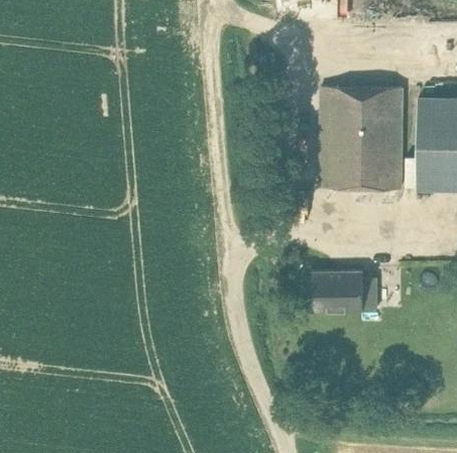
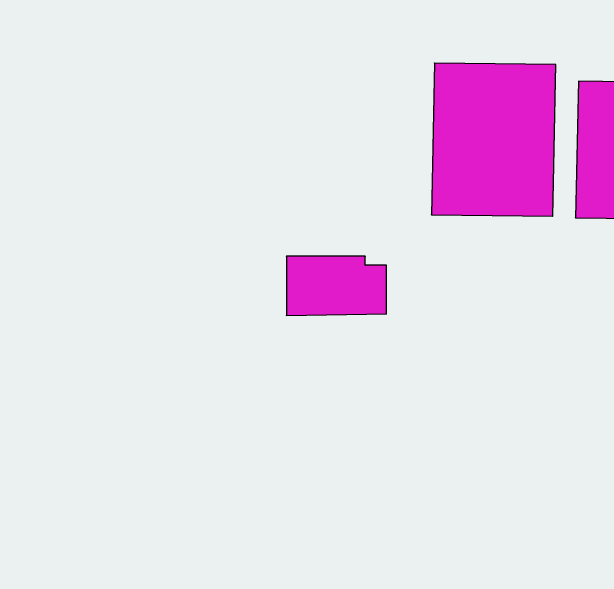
building: [311,271,377,311] -> [286,256,386,315]

